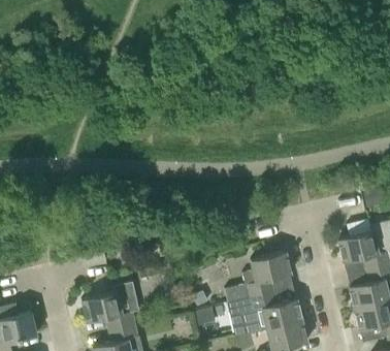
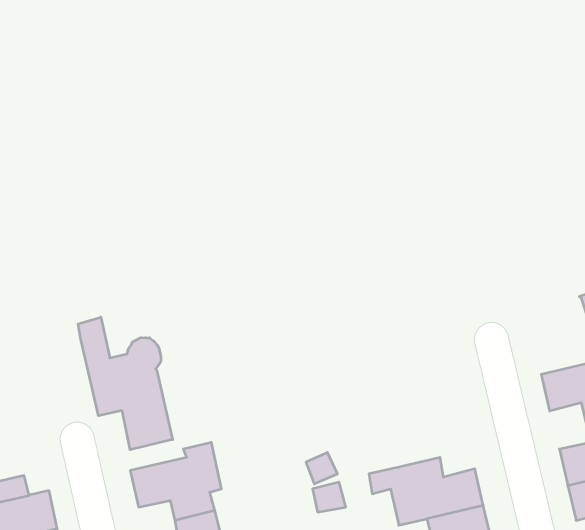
building: none -> [78,317,173,450]
building: [243,253,292,298] -> none

